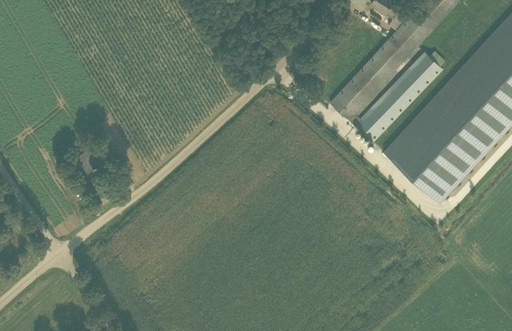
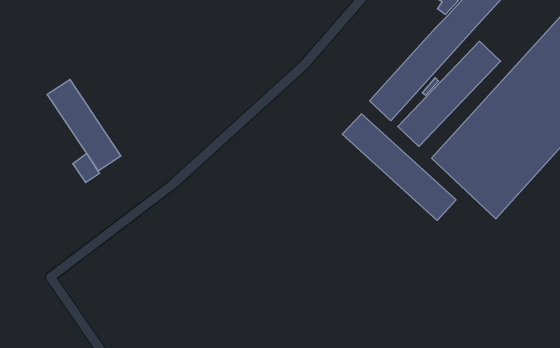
building: none -> [47,79,121,171]
building: none -> [342,114,456,220]

